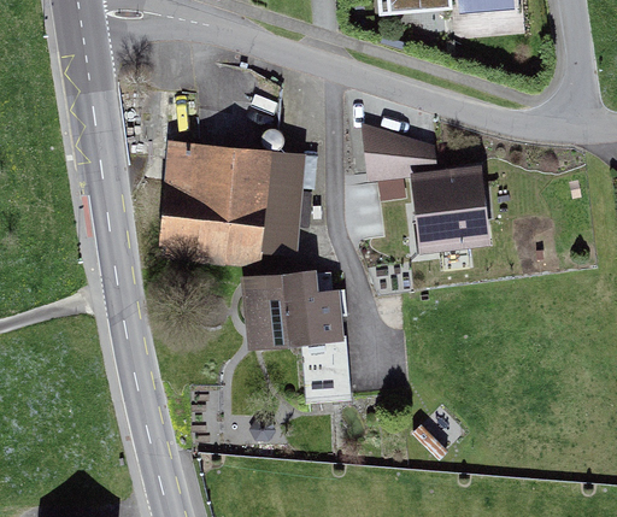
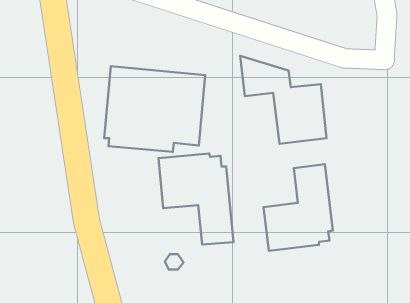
building: none -> [264,164,333,251]

